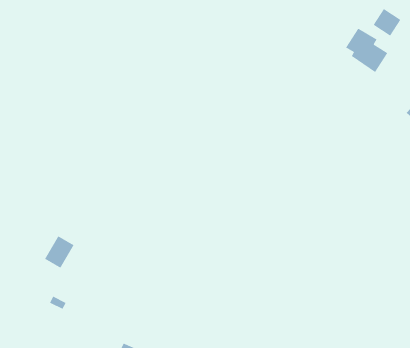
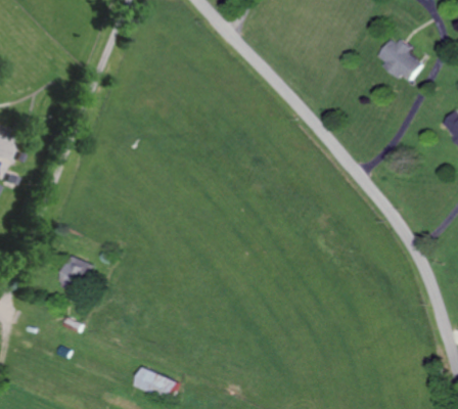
building: [373,8,401,36] -> none

